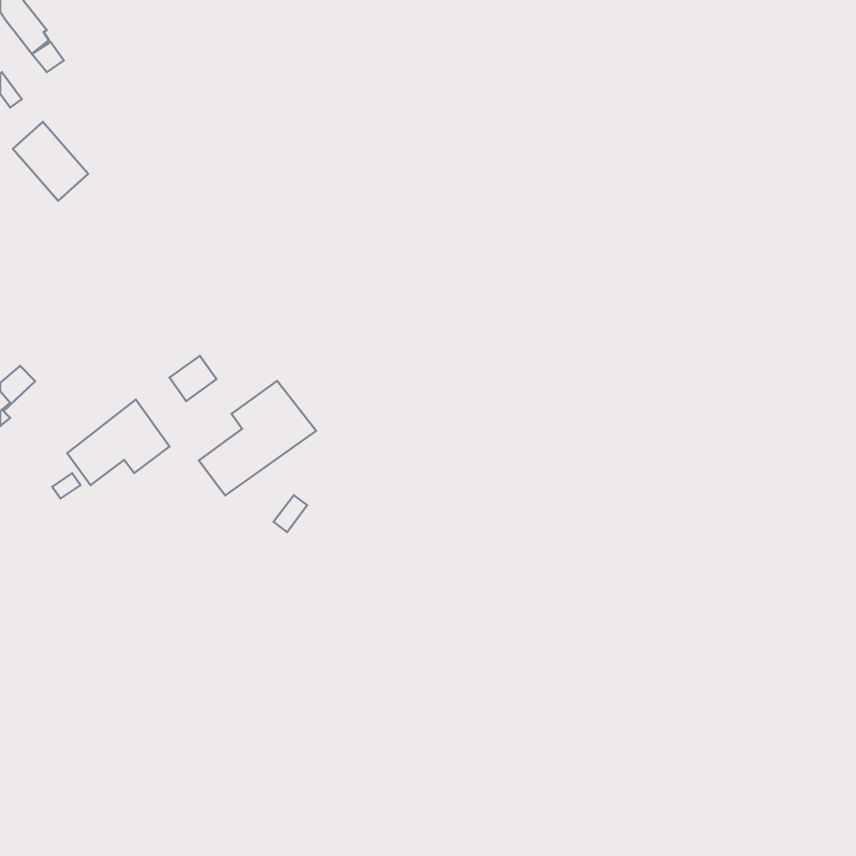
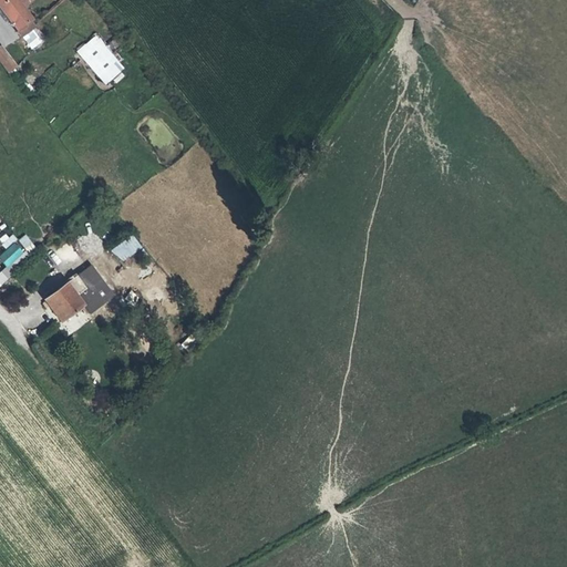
building: [13,122,88,201] -> [76,32,126,84]
building: [199,381,316,495] -> none

